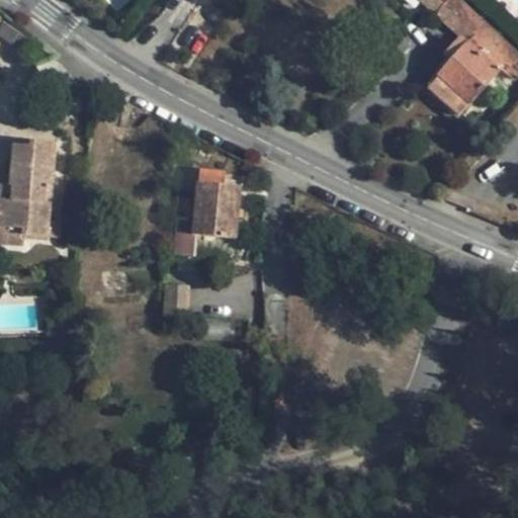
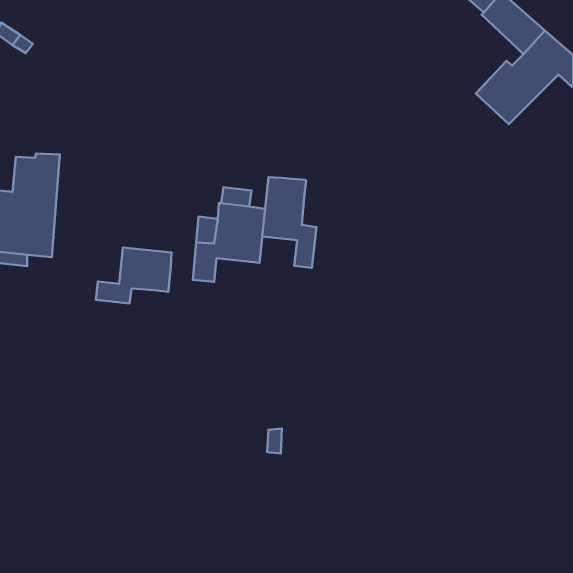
building: none -> [262,177,316,268]
building: none -> [96,248,172,304]

